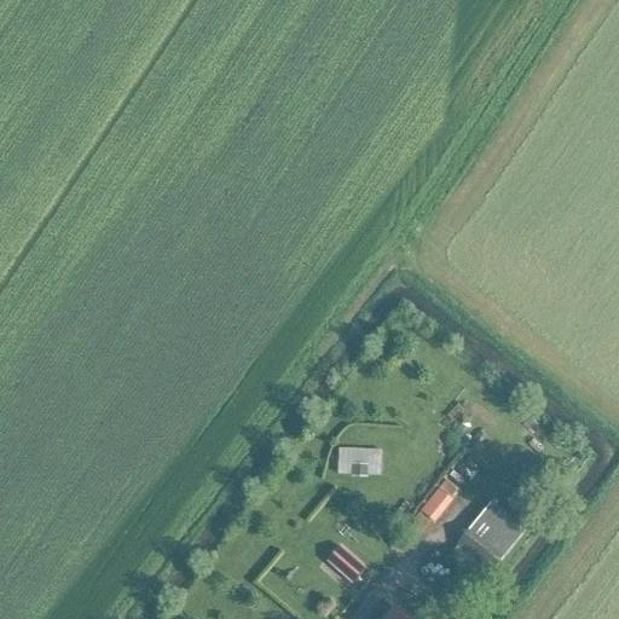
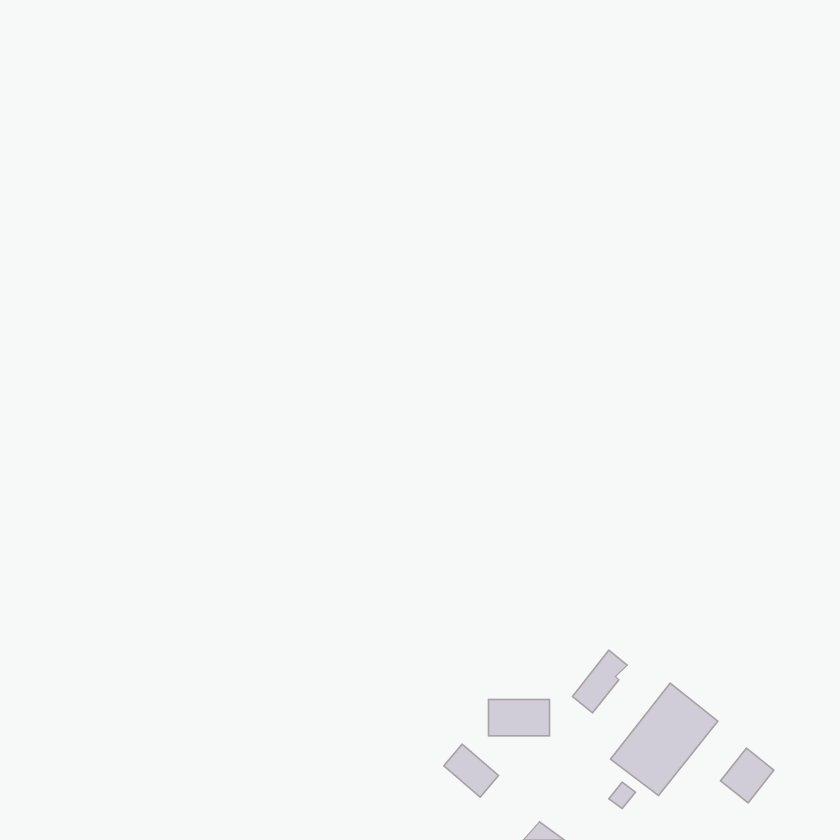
building: [337,446,382,473] -> [488,700,549,736]
building: none -> [721,748,774,803]

